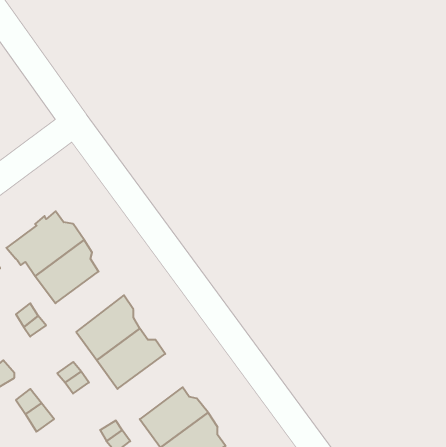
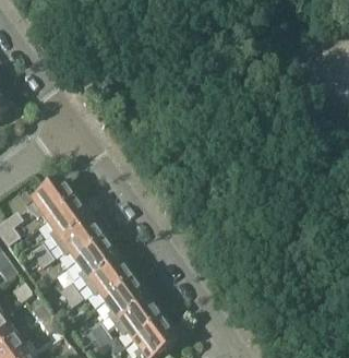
building: none -> [60,219,107,261]
building: none -> [103,276,147,321]

